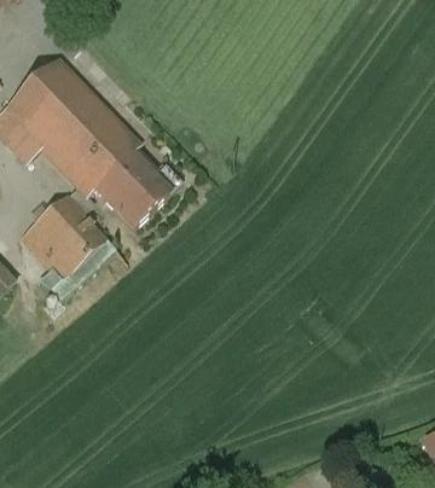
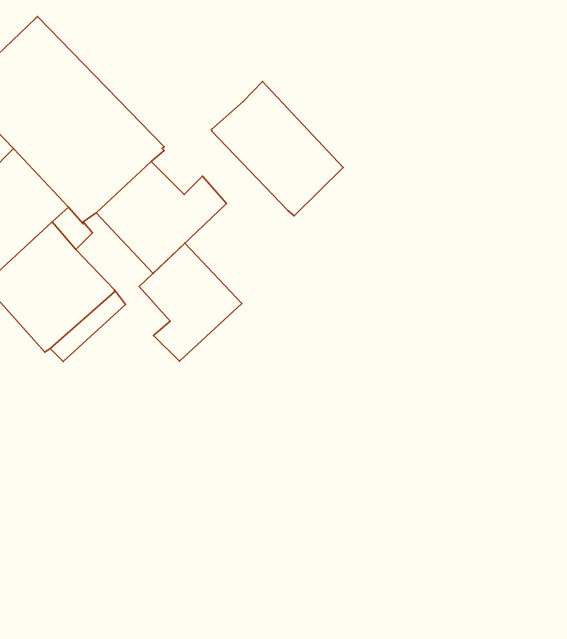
building: none -> [211,82,343,216]
building: none -> [139,243,242,361]

